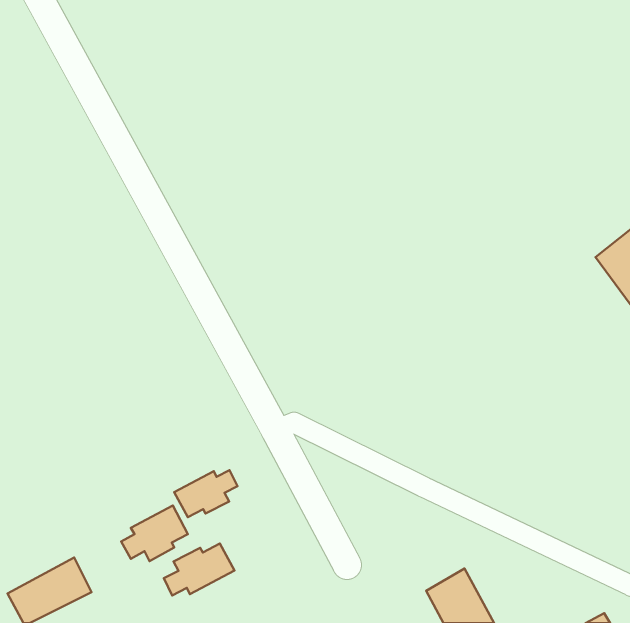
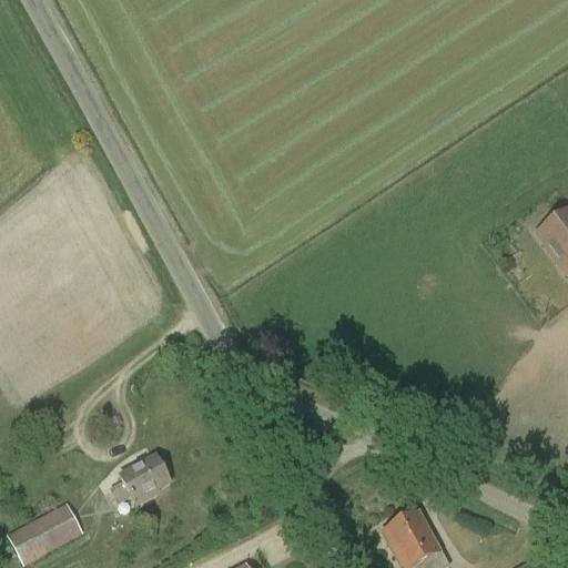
building: [174,470,237,517] -> none
building: [164,543,235,596] -> none

